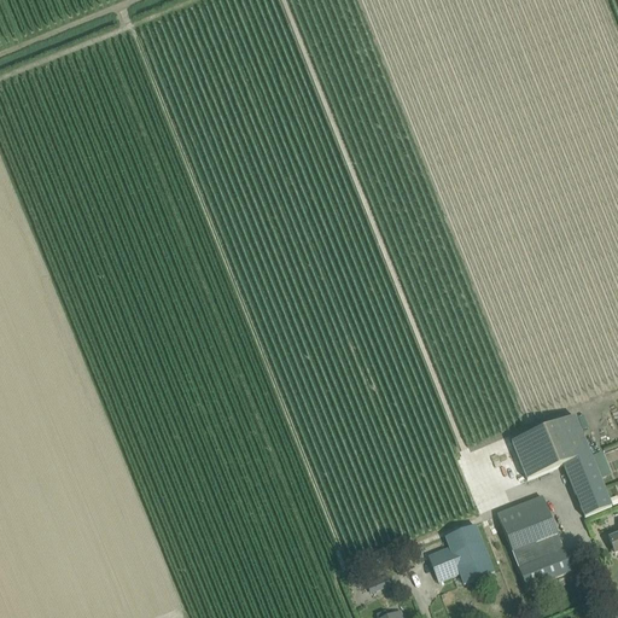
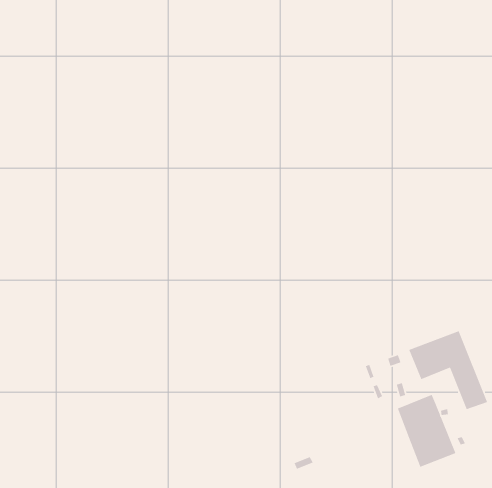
building: [427,523,494,582] -> none

